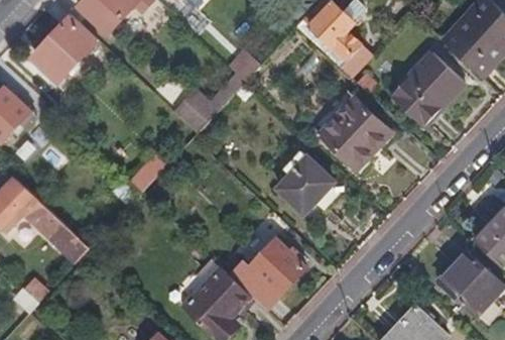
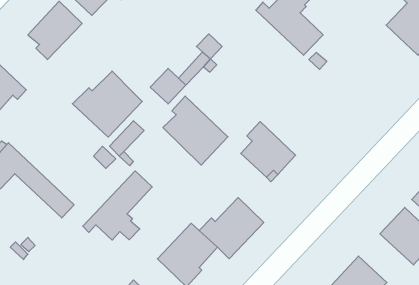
building: [391,49,464,123] -> none
building: [313,92,390,168] -> none
building: none -> [72,71,142,137]
building: none -> [163,96,228,165]
building: none -> [83,171,152,240]

